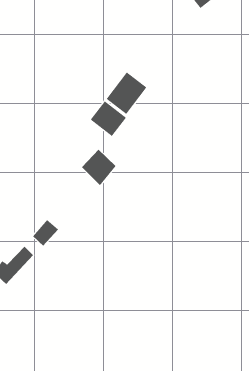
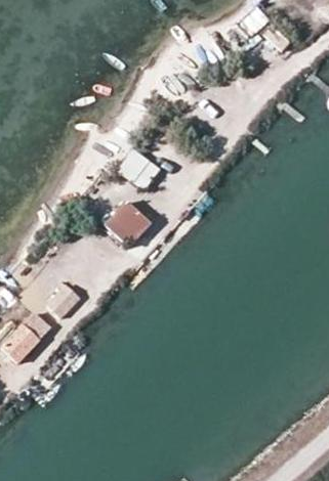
building: [106,72,147,115] -> none

